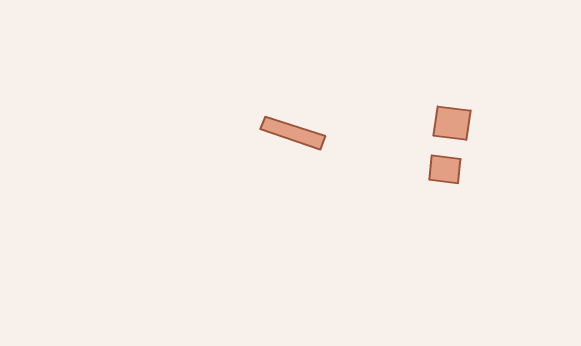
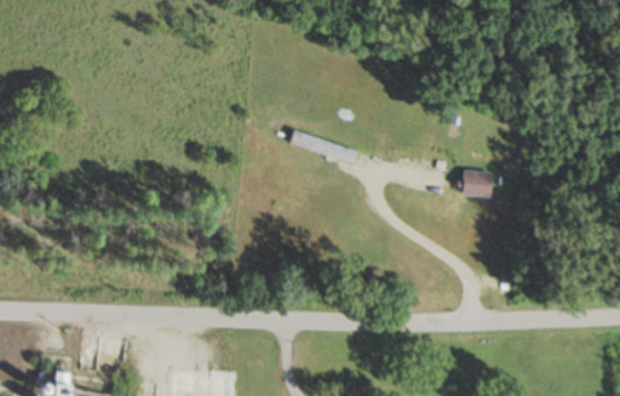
building: [433,106,471,140] -> none

